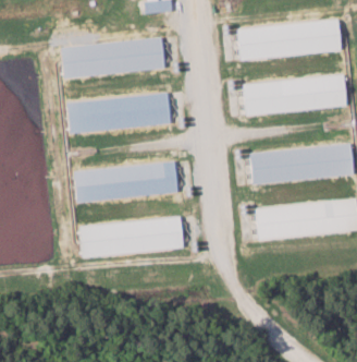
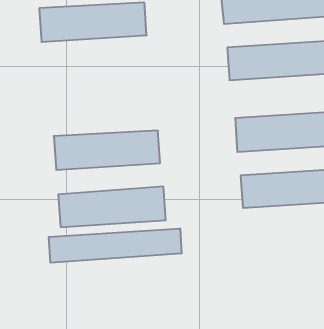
building: [66,94,171,132] -> none
building: none -> [49,228,182,263]

